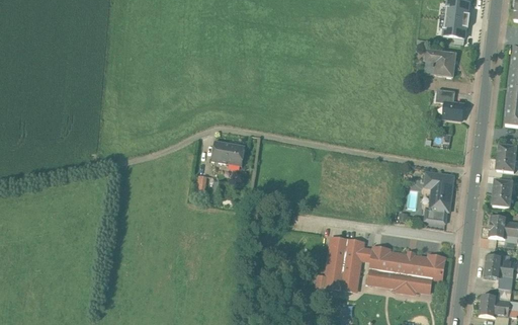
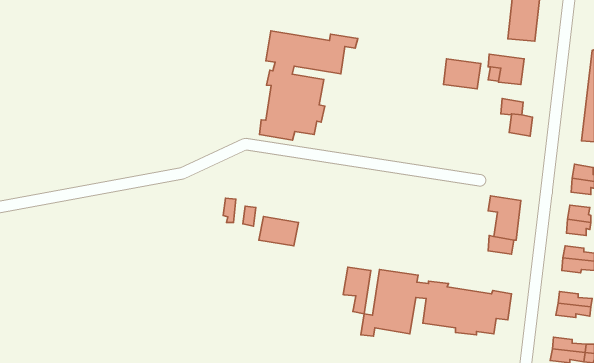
building: none -> [260,31,358,140]
building: none -> [444,59,481,89]
building: [211,141,246,166] -> [259,217,298,246]
building: none -> [343,267,371,314]

